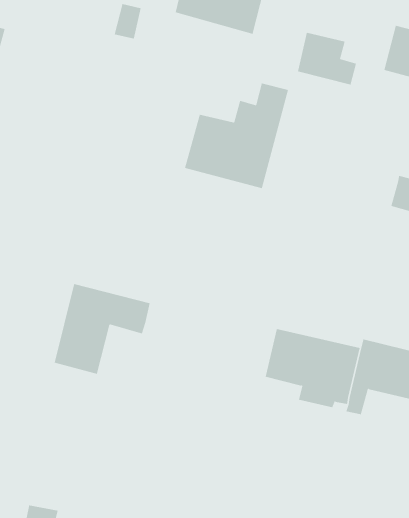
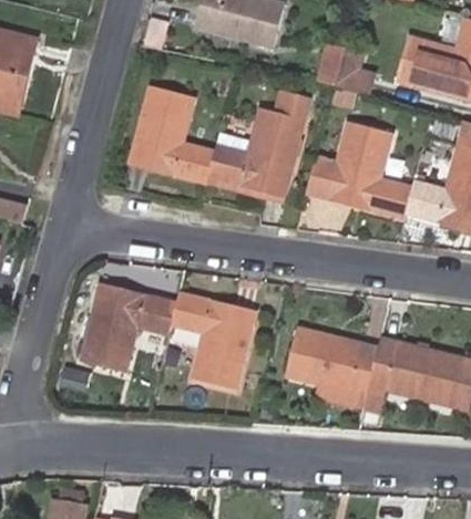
building: none -> [133,86,215,180]
building: none -> [308,122,413,218]
building: none -> [172,294,254,390]

